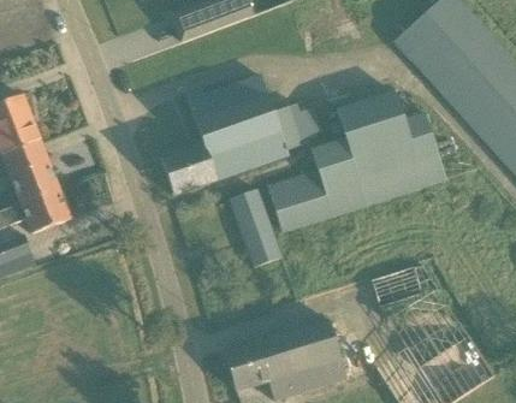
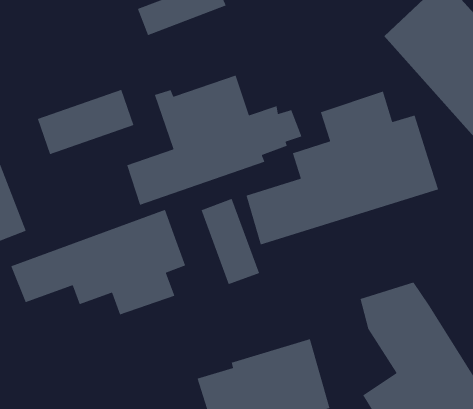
building: none -> [37,89,135,155]
building: none -> [10,209,186,316]

